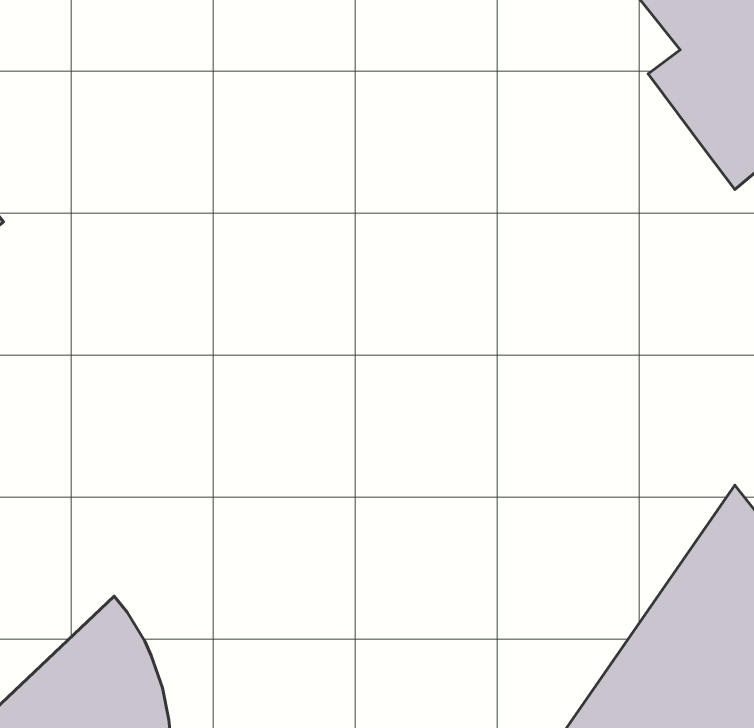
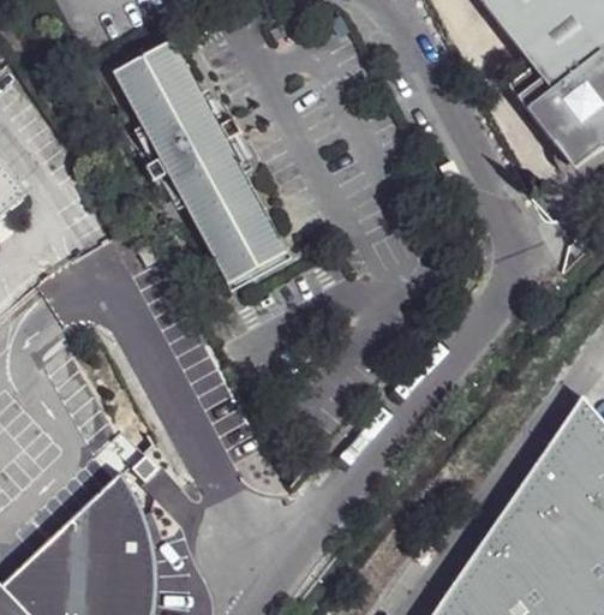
building: none -> [115,43,280,282]

